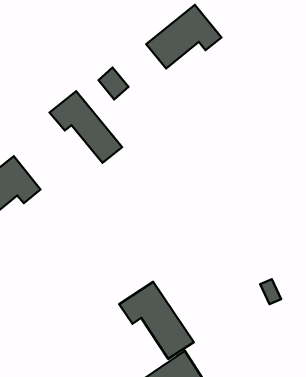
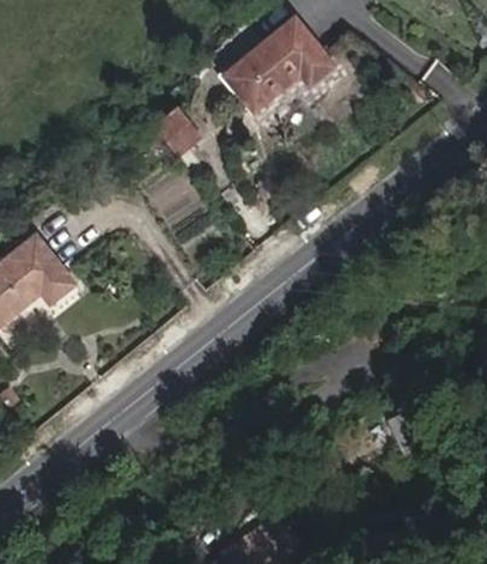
building: [50,91,122,163] -> none
building: [119,282,194,359] -> none

